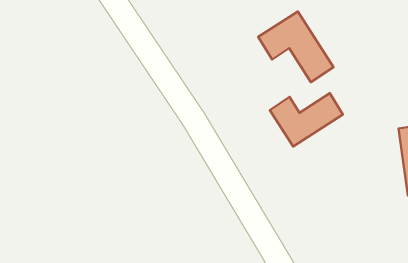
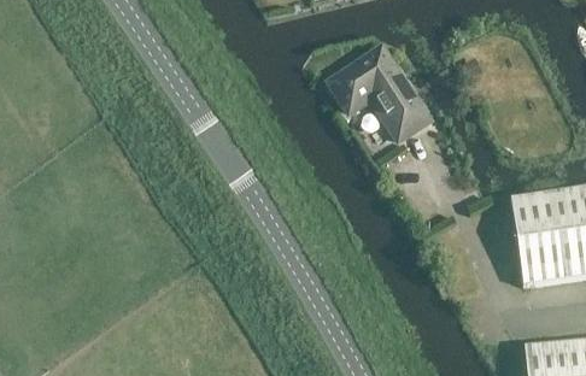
building: [270,93,343,147] -> none

